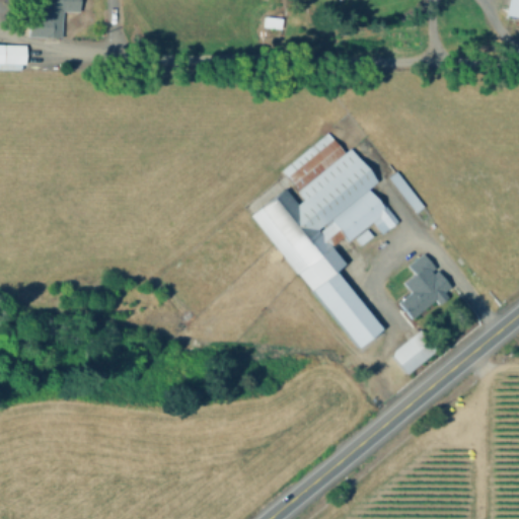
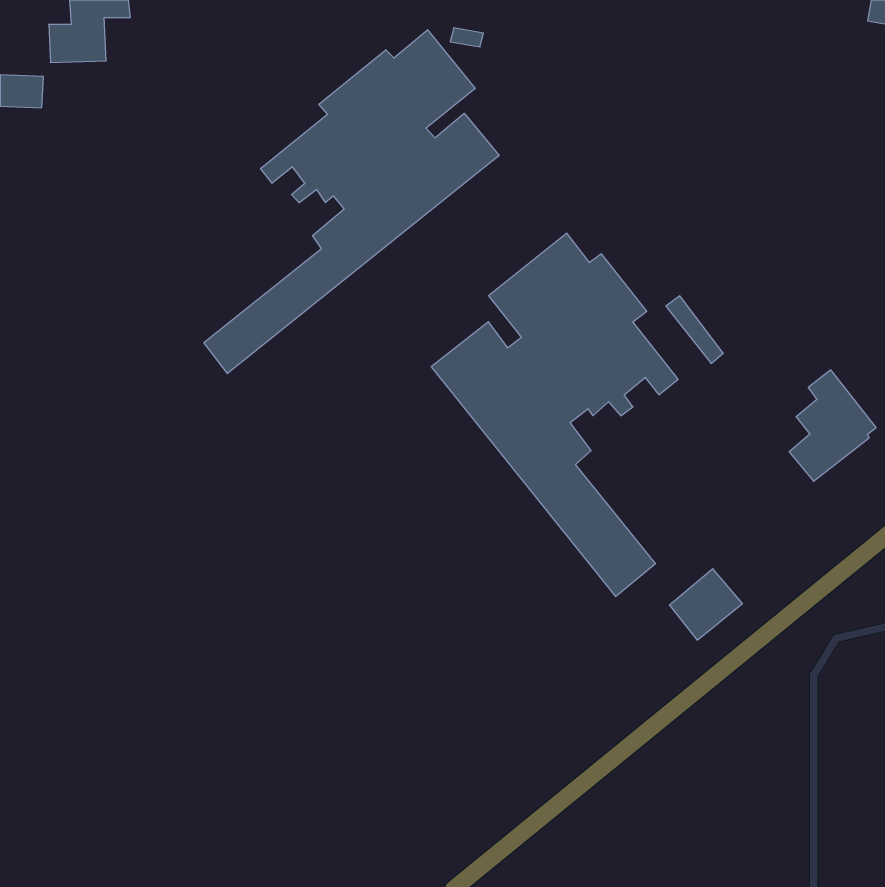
building: none -> [204,30,499,374]
building: [400,255,451,320] -> [789,370,876,481]

